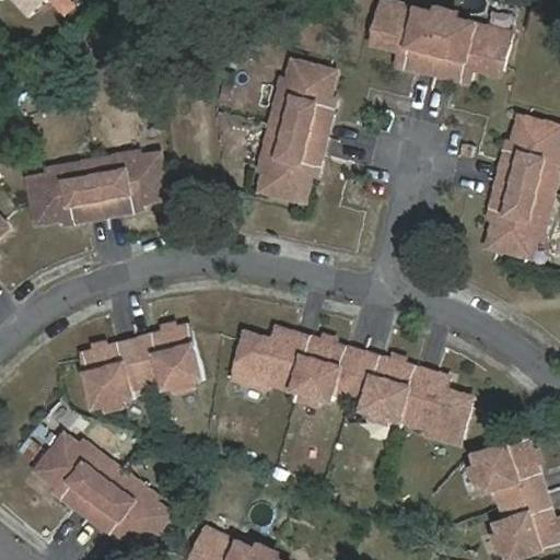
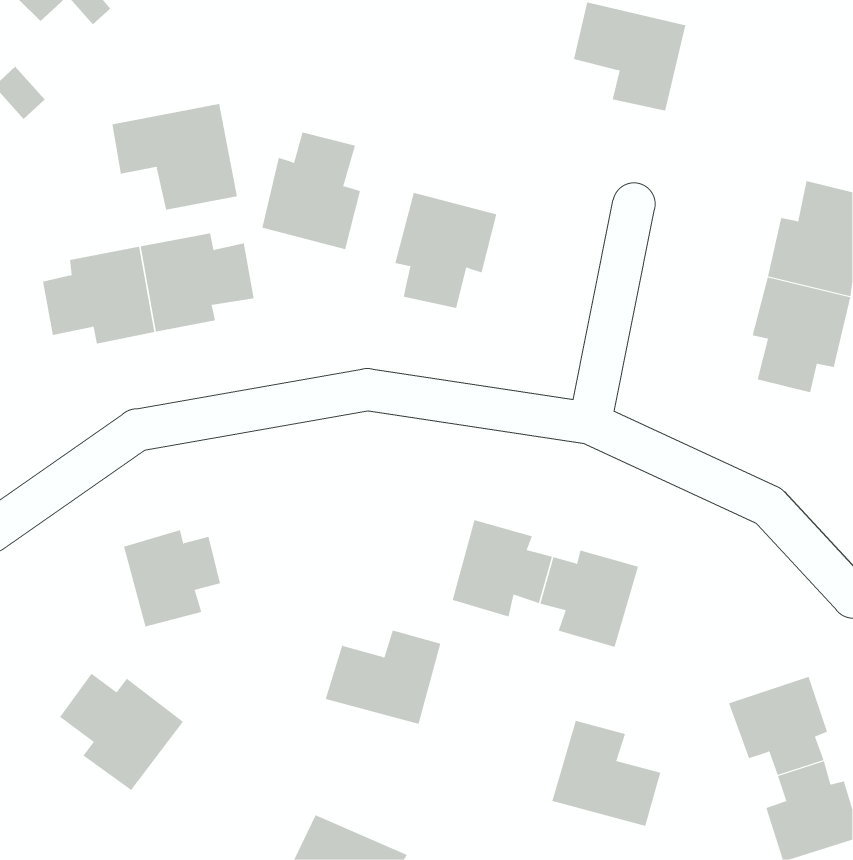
building: [432,16,510,81] -> none
building: [268,62,332,139] -> [261,132,361,250]
building: none -> [112,103,237,210]
building: [136,326,200,388] -> none
building: [232,328,307,389] -> [325,630,441,724]
building: [399,368,470,436] -> [552,720,661,826]
building: [85,468,166,546] -> none

